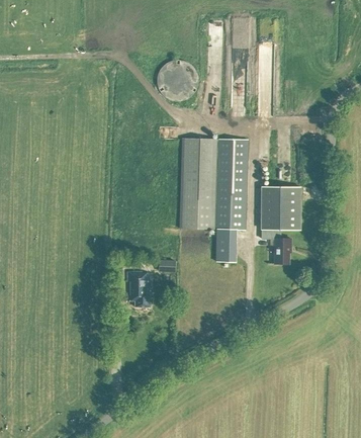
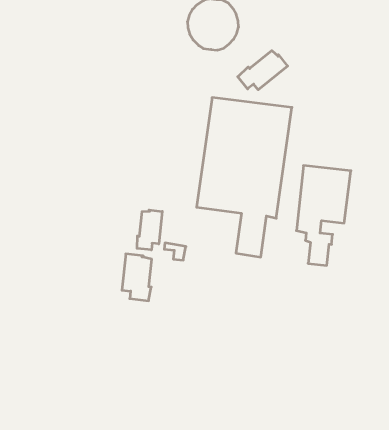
building: none -> [238,51,288,90]
building: none -> [137,210,162,250]

